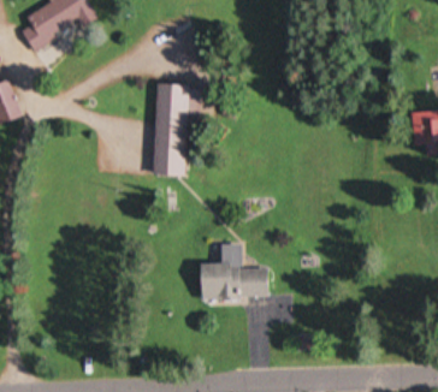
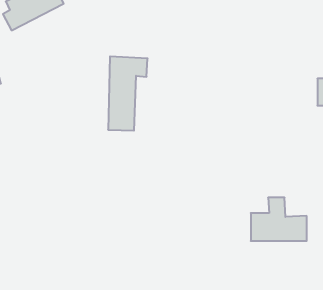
building: [199,244,268,298] -> [251,198,307,241]

